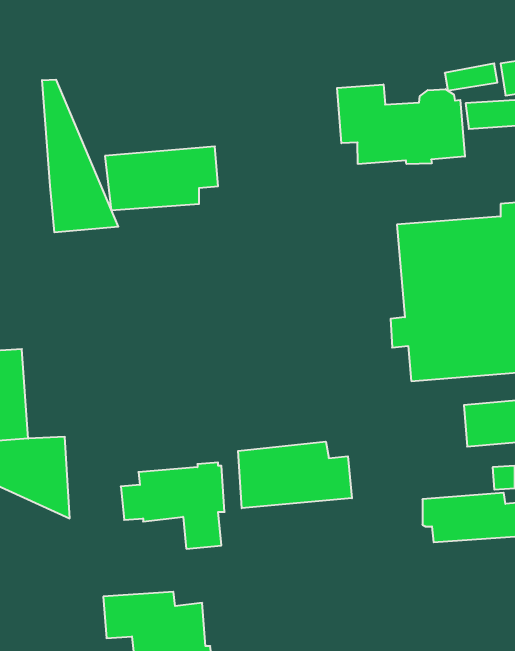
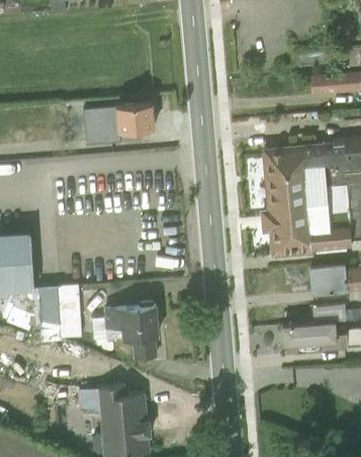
building: [42,80,118,232] -> none
building: [337,84,465,164] -> none
building: none -> [56,284,80,338]
building: [238,442,352,508] -> none

